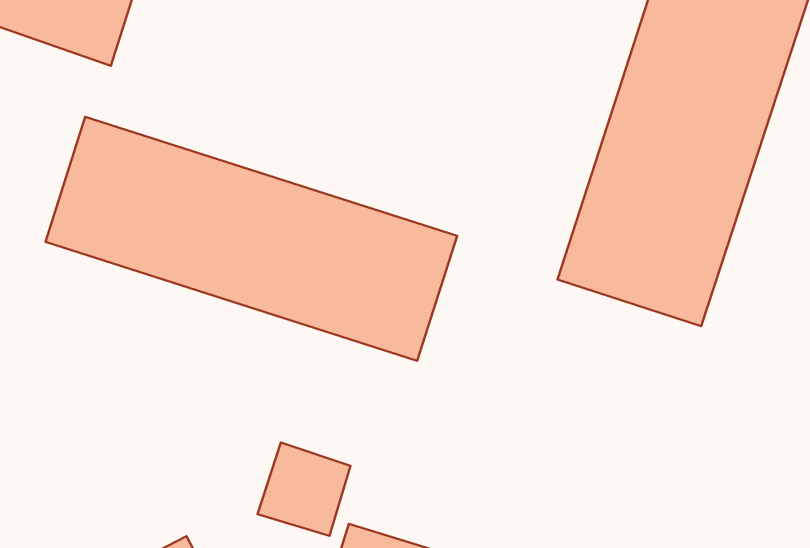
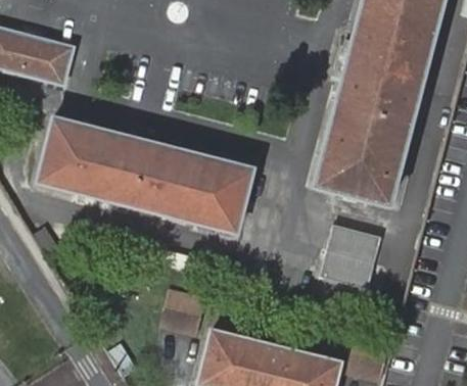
building: none -> [318,222,380,287]

